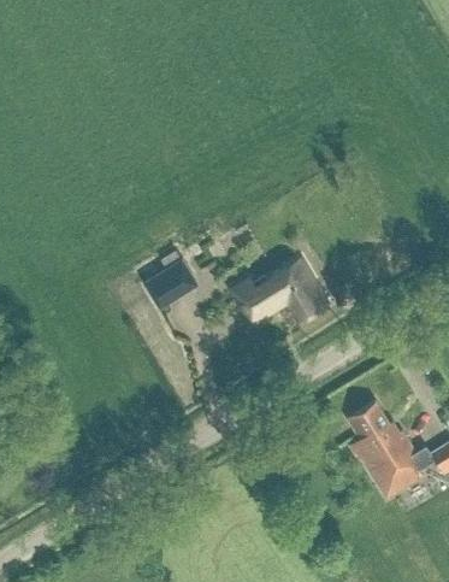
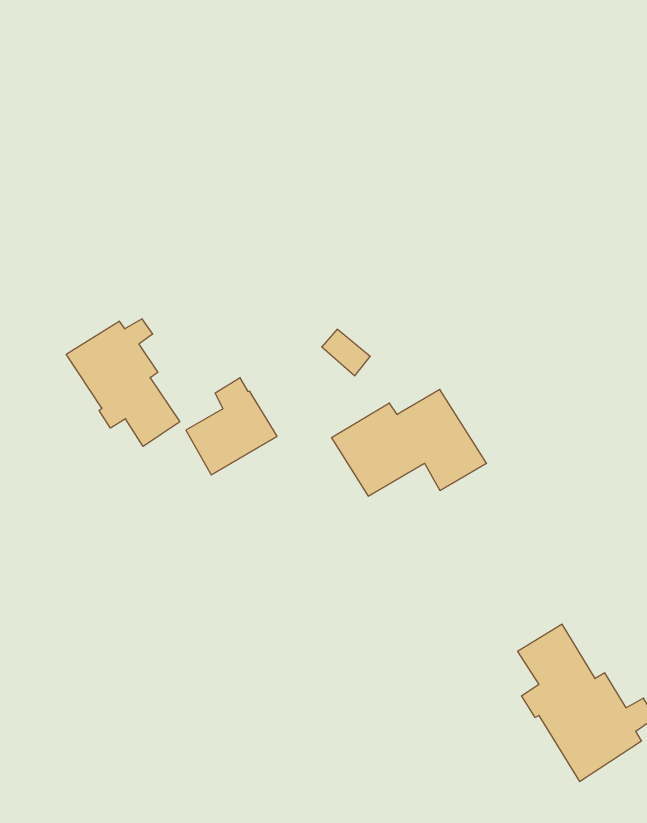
building: none -> [66,319,180,446]

